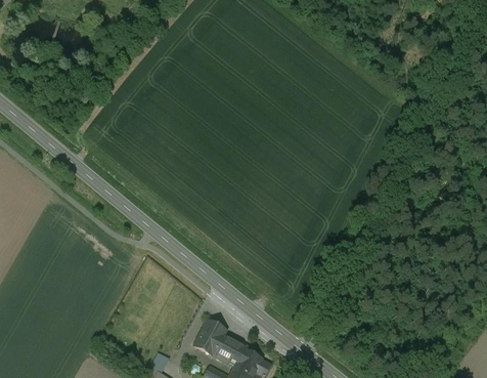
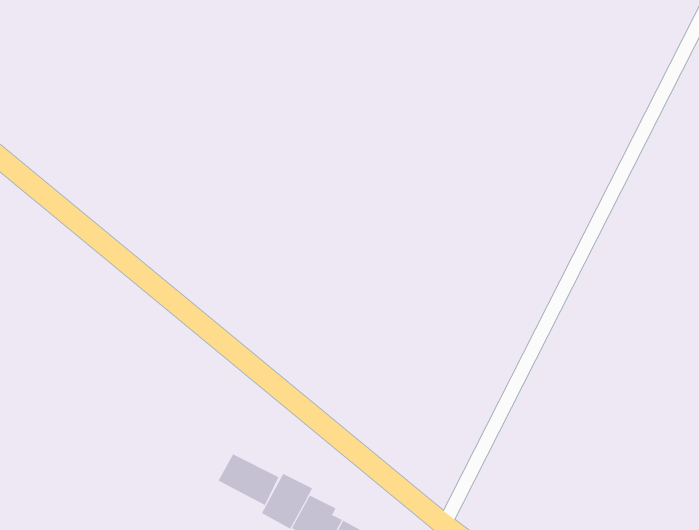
building: none -> [218,453,279,506]

